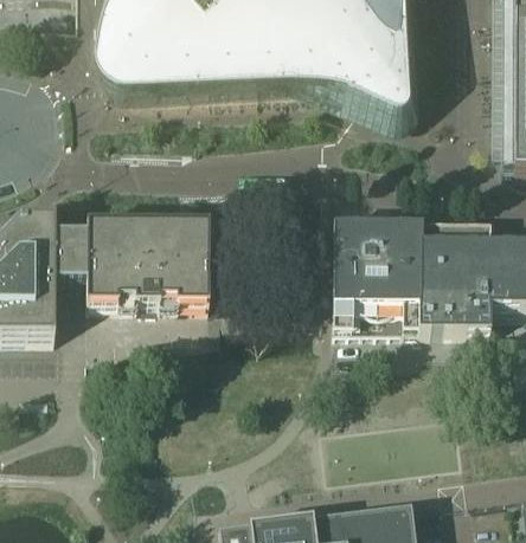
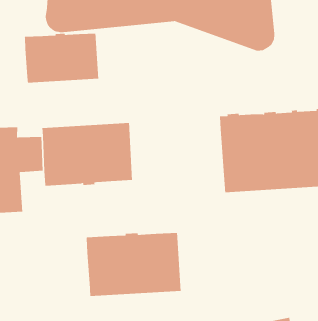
building: none -> [24,33,99,83]
building: none -> [86,232,182,297]

